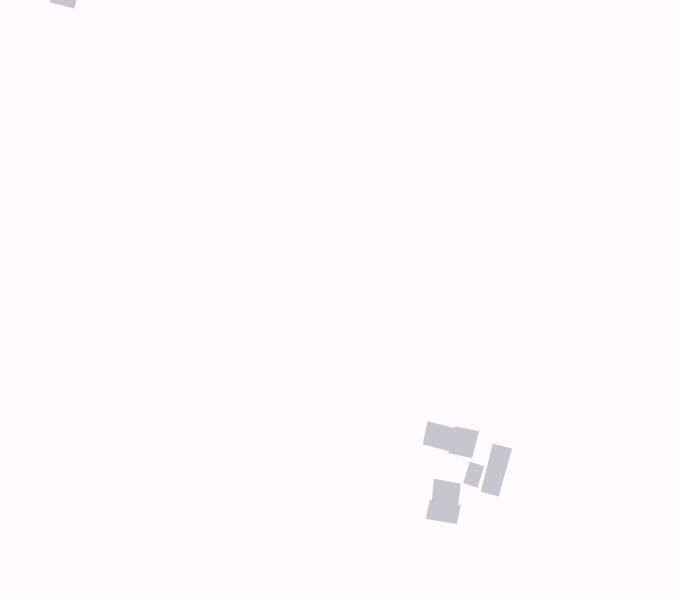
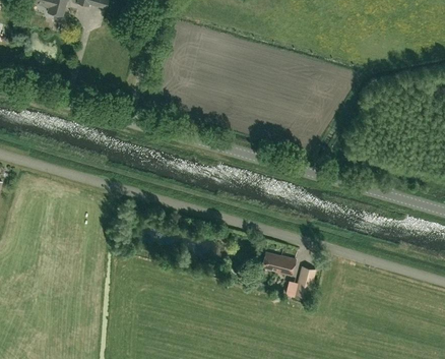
building: [425,478,462,525] -> none

